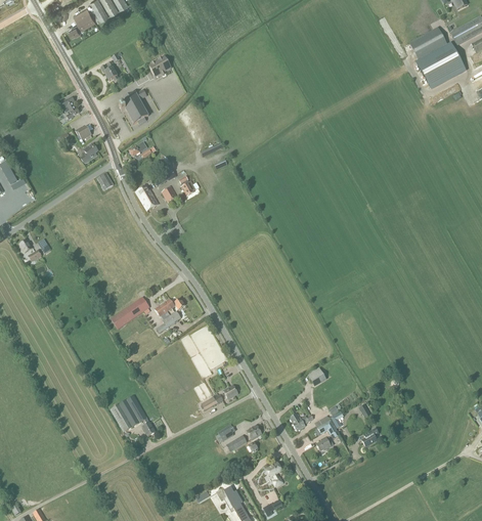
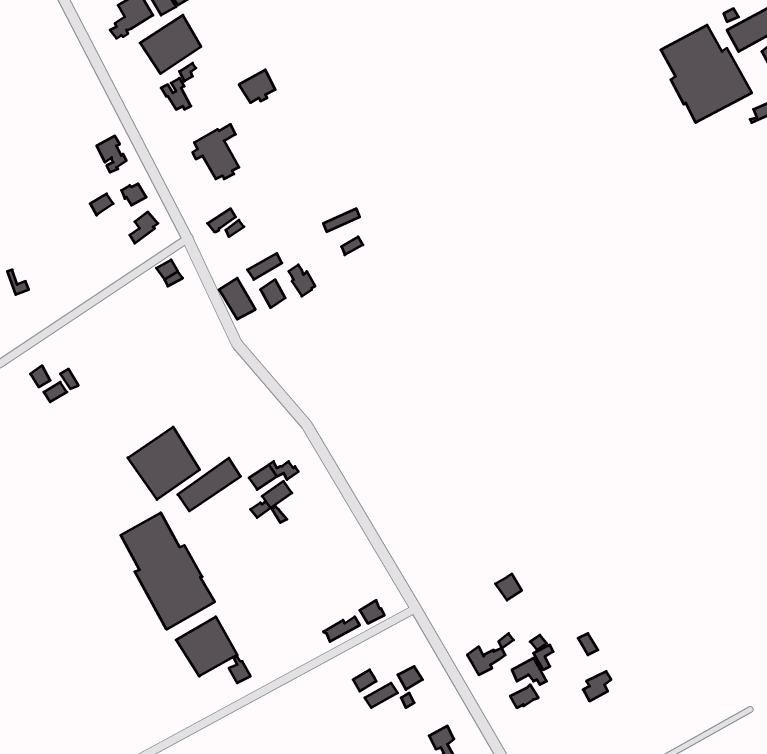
building: none -> [140,15,201,74]
building: none -> [128,427,200,500]
building: none -> [121,513,215,629]

